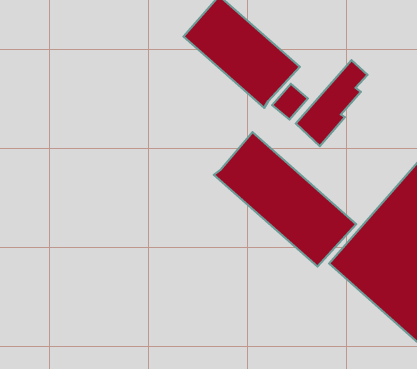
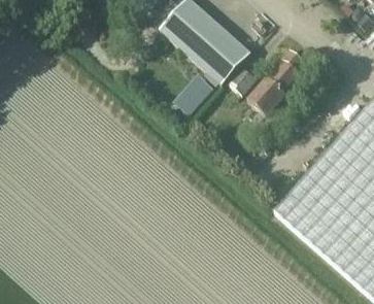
building: none -> [172,76,212,119]
building: [214,132,356,267] -> none

